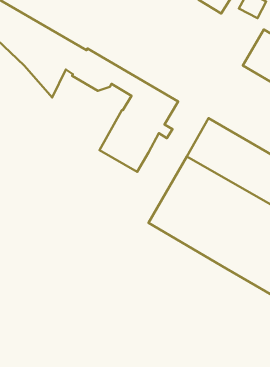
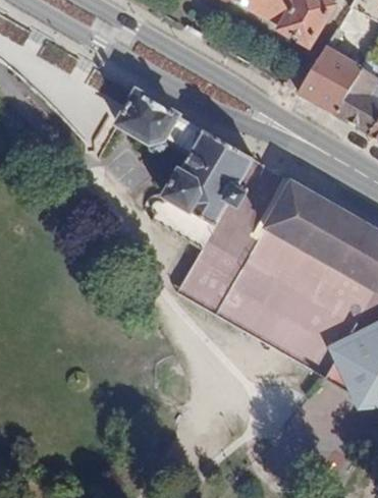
building: none -> [300,46,363,112]
building: none -> [178,158,292,313]

